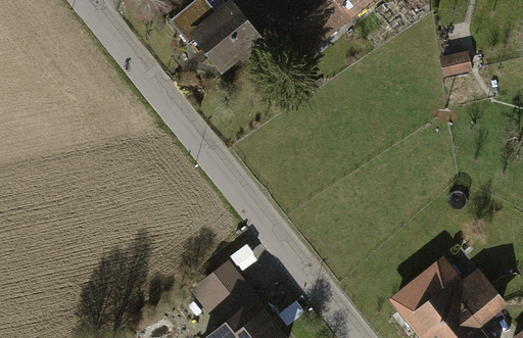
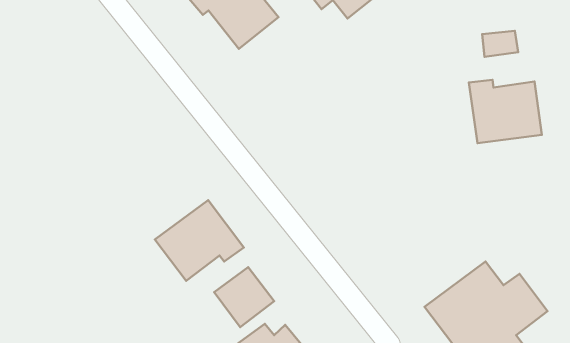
building: none -> [469,80,542,143]
building: none -> [155,200,244,281]

